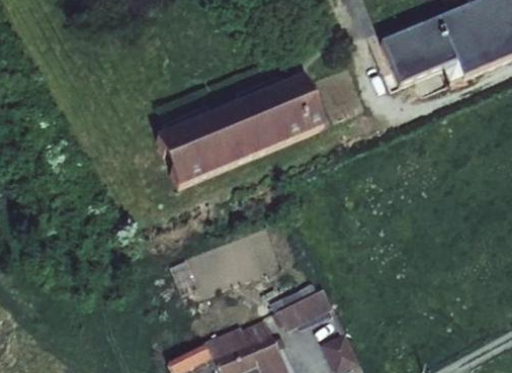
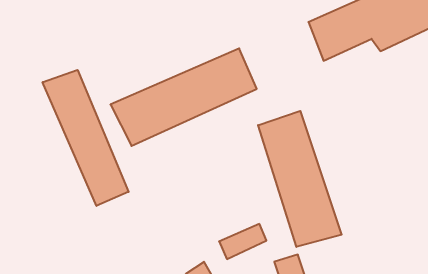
building: none -> [43,70,129,206]
building: none -> [258,111,342,247]

